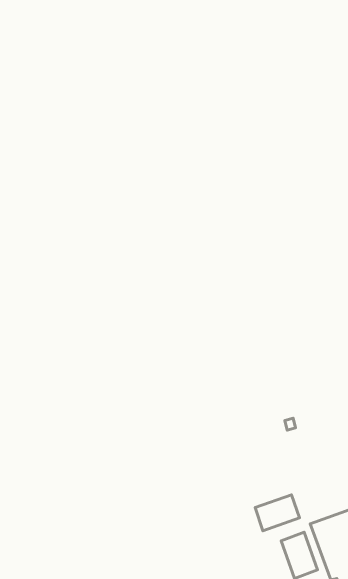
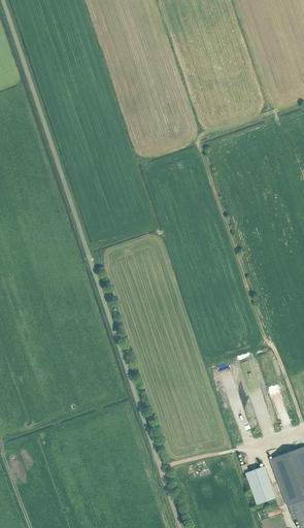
building: [255,495,299,531] -> none

